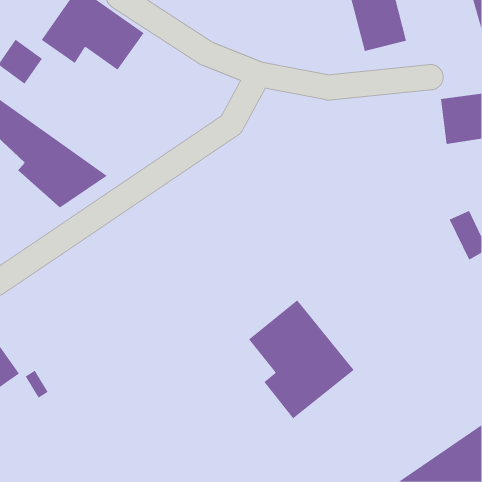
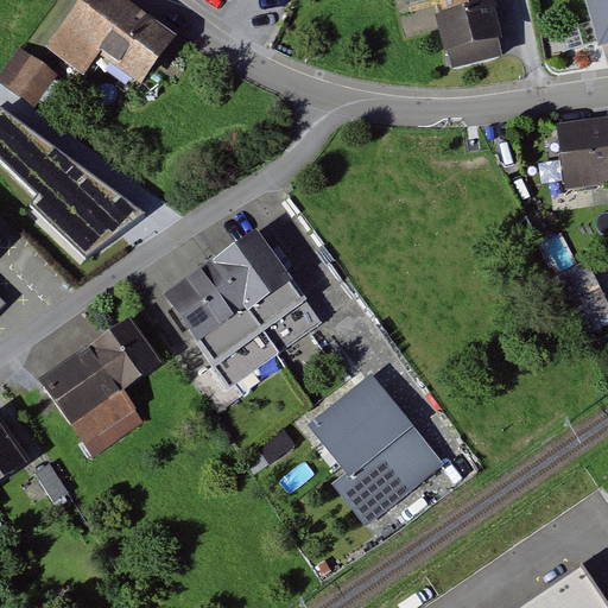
building: none -> [167,232,321,384]
building: none -> [40,319,163,448]

